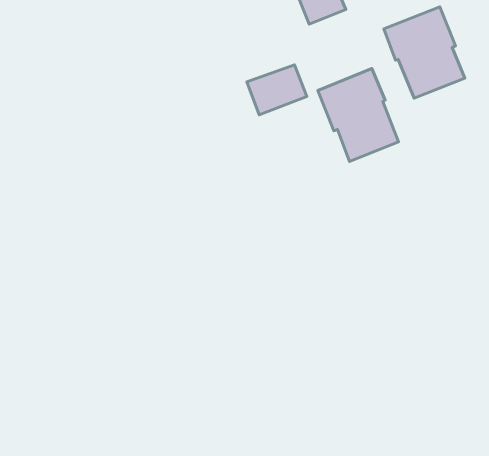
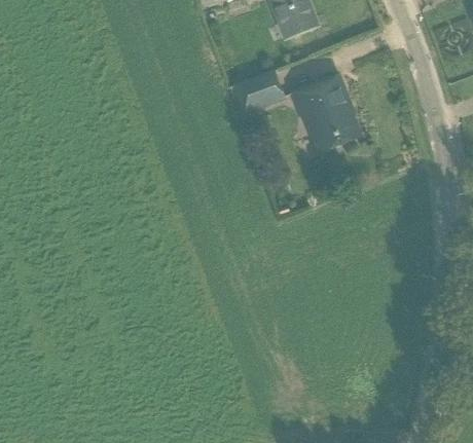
building: [384,7,465,98] -> none

